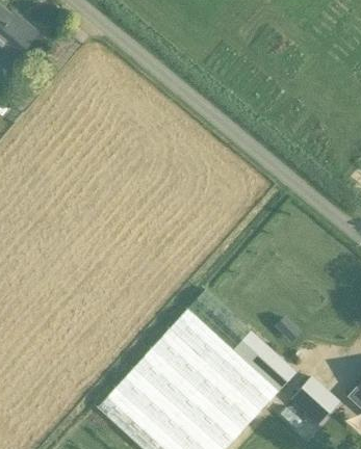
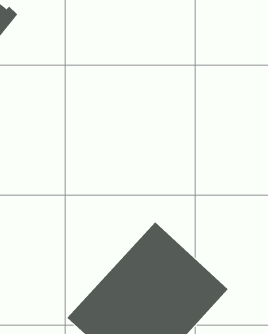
building: [287,381,333,427] -> none

